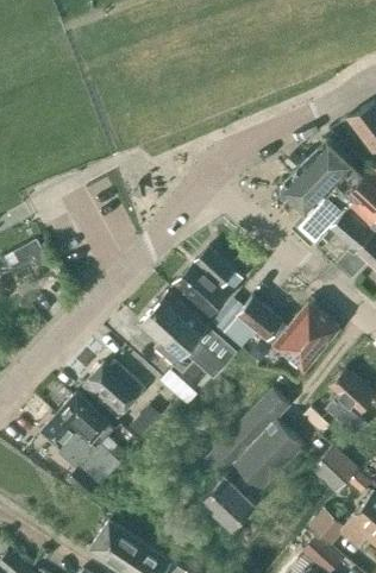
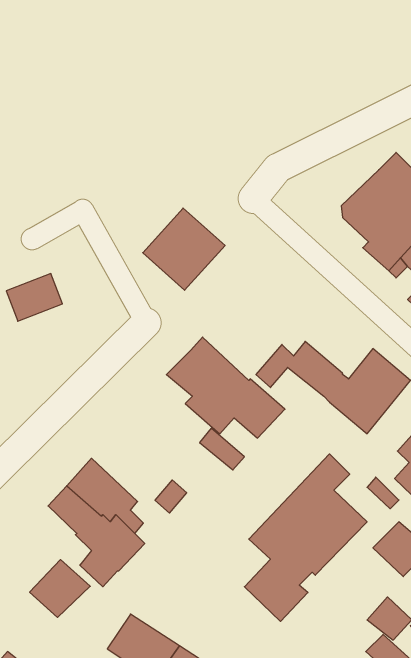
building: [175,247,243,315] -> [143,208,225,290]
building: [82,361,145,420] -> none
building: none -> [30,560,90,617]

